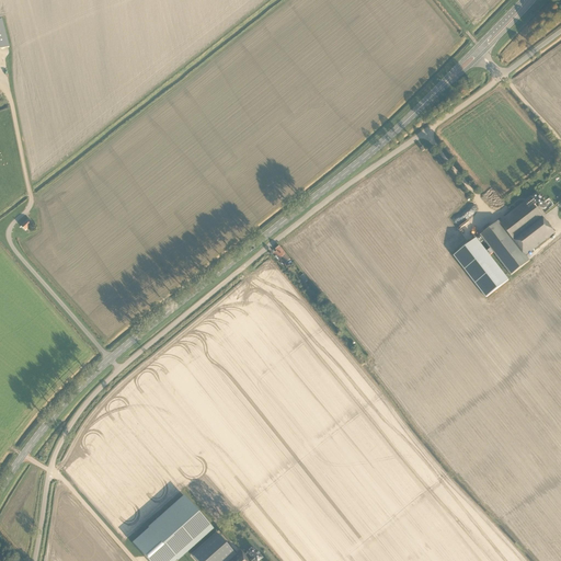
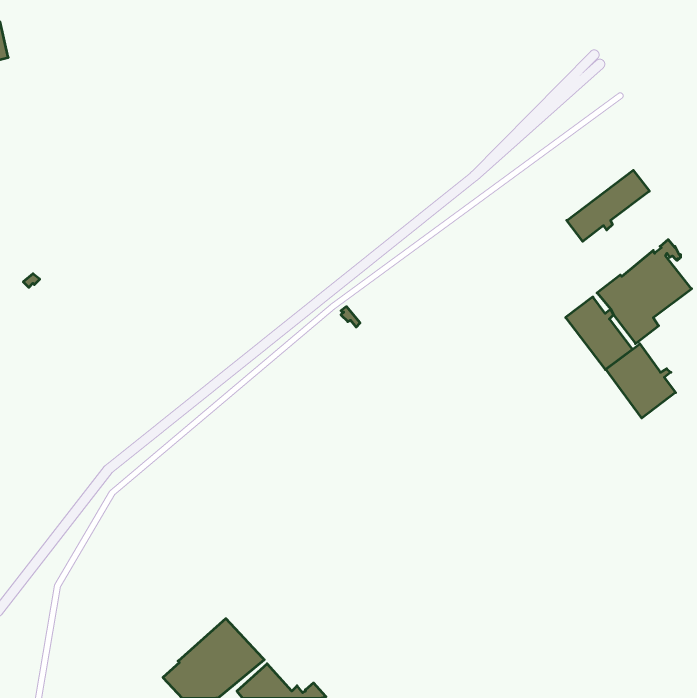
building: none -> [567,170,649,241]
building: none -> [606,344,676,418]

